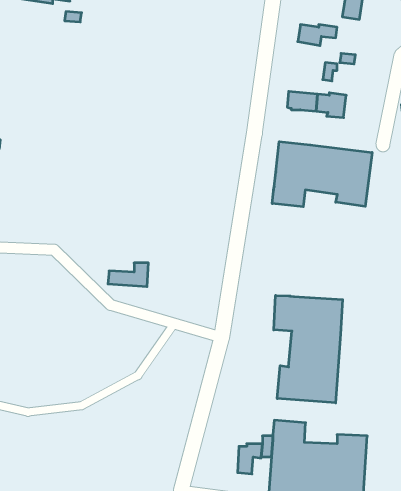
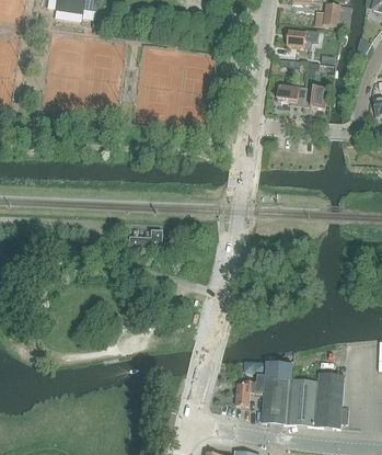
building: [272,142,372,207] -> none
building: [274,295,343,403] -> none

